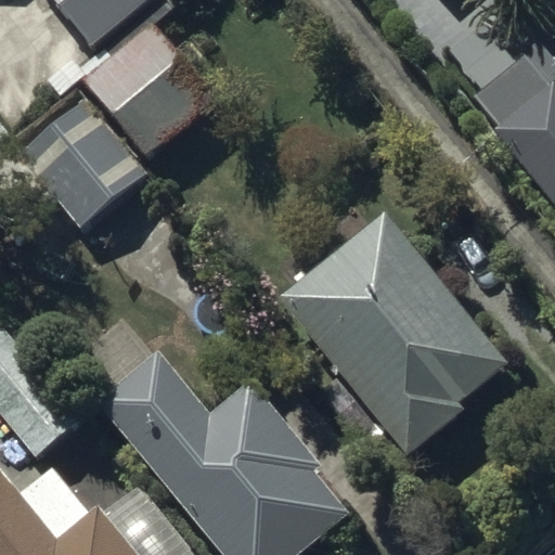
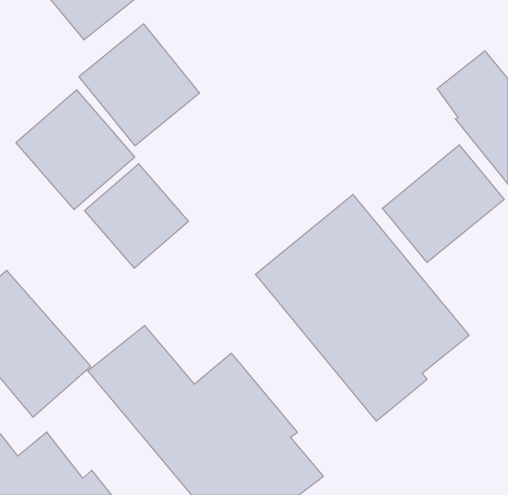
building: none -> [382,145,504,263]
building: none -> [85,164,188,268]

